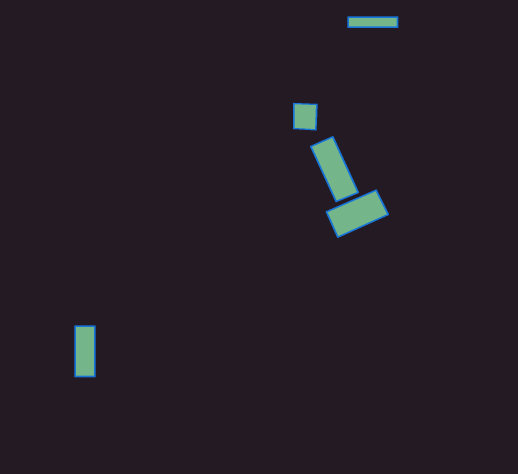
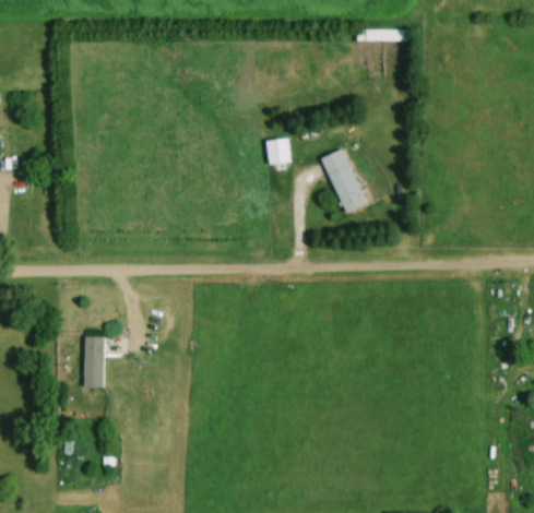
building: [294,103,317,130] -> [265,139,288,165]
building: [326,190,388,237] -> none

